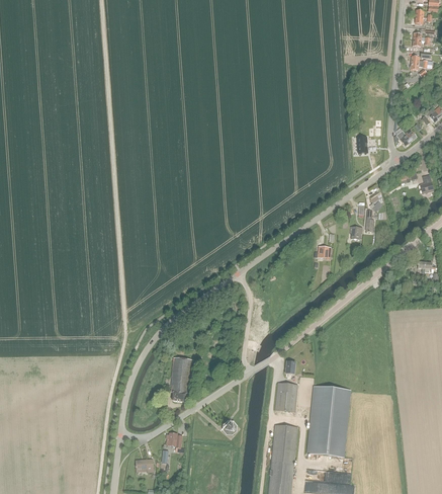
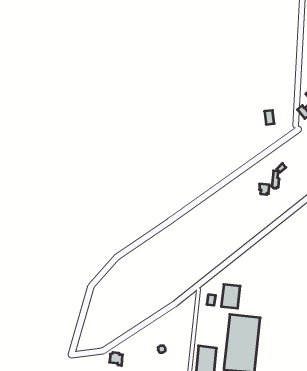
building: [170,357,193,402] -> none
building: [274,383,297,412] -> [221,284,240,308]

